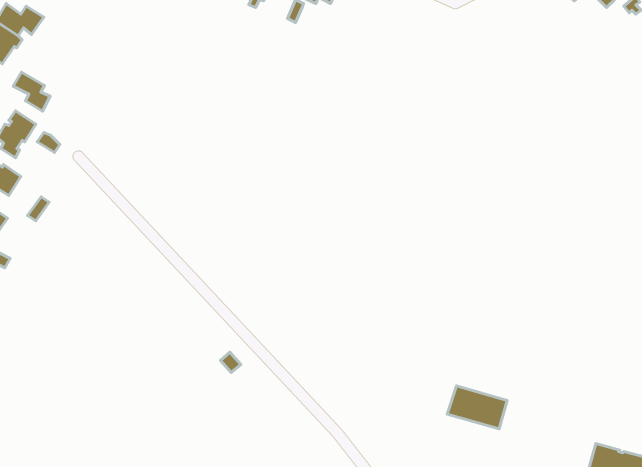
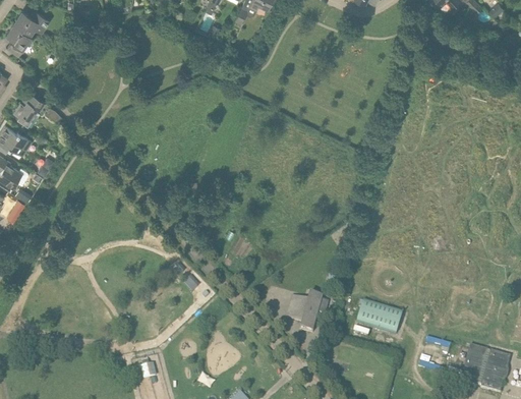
building: [13,72,50,111] -> none
building: none -> [285,291,322,330]

